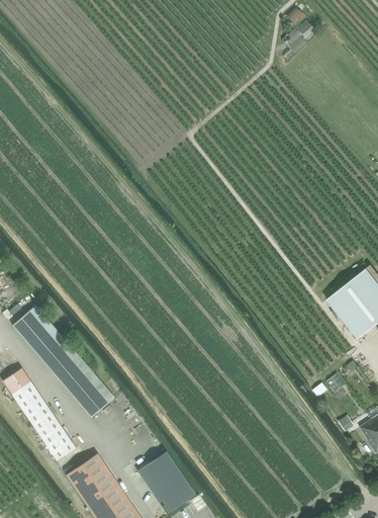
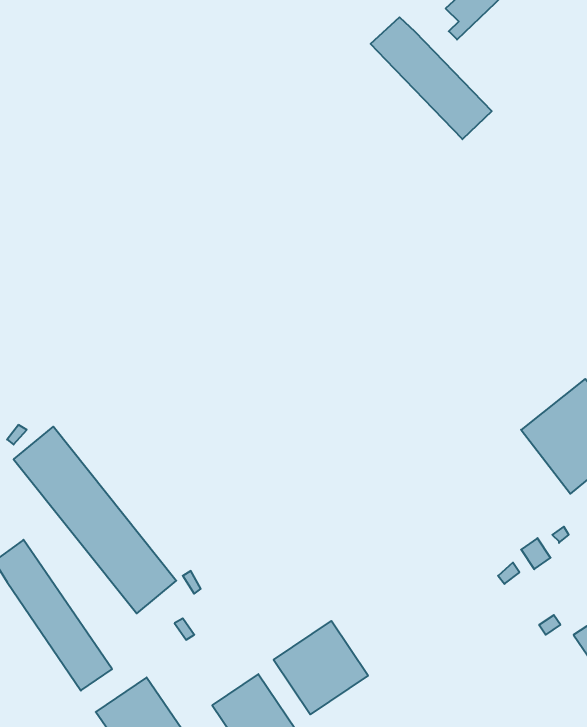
building: none -> [371,17,492,139]
building: none -> [274,621,368,714]

